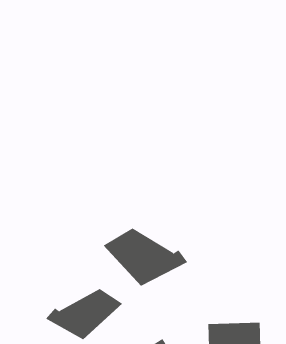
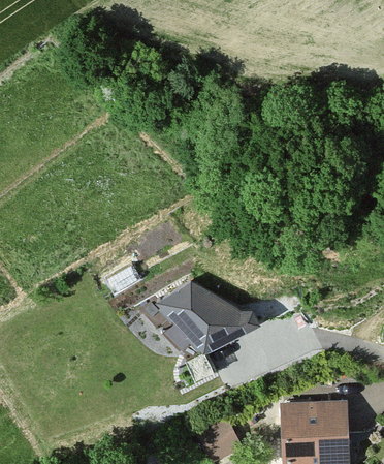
building: [45,288,123,340] -> none

